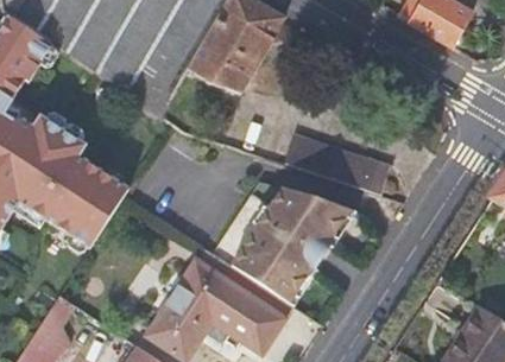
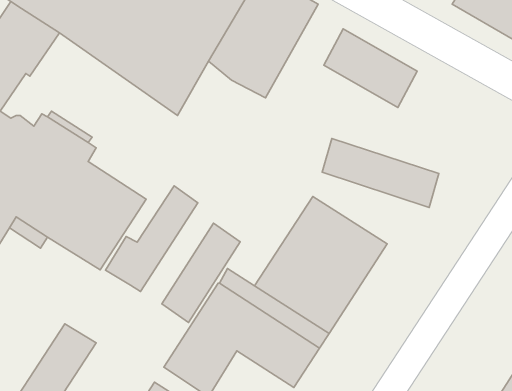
building: none -> [324,29,417,107]
building: none -> [106,186,198,292]
building: none -> [162,223,240,323]

